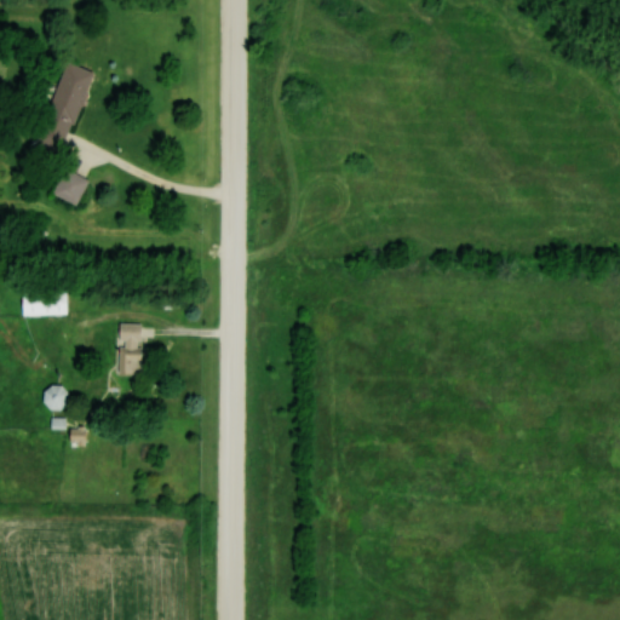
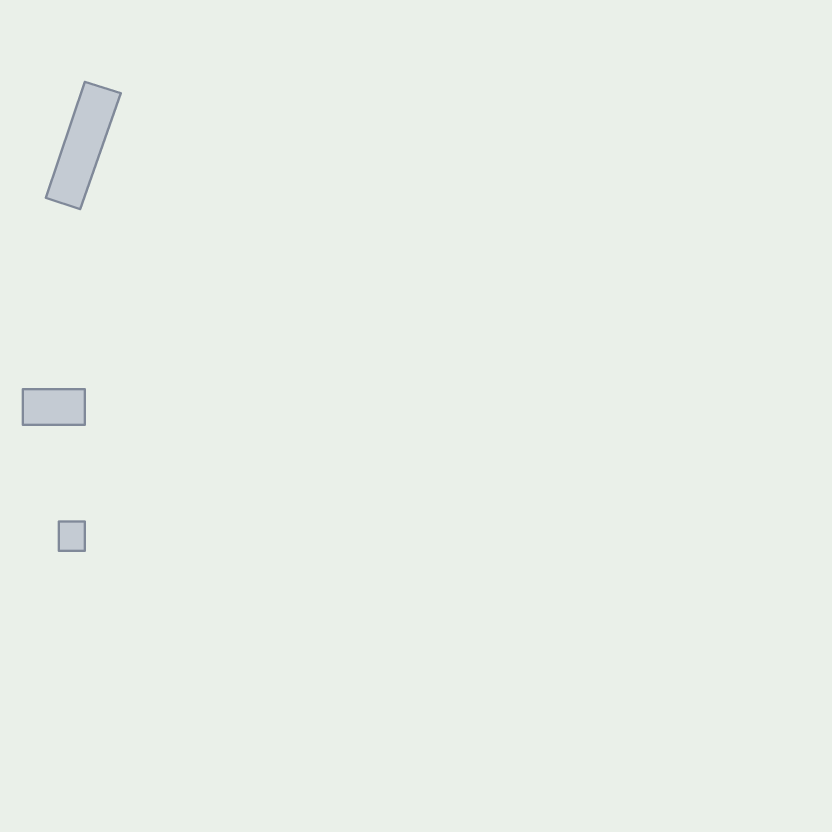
building: [52,168,90,207] -> none
building: [119,325,142,375] -> none

